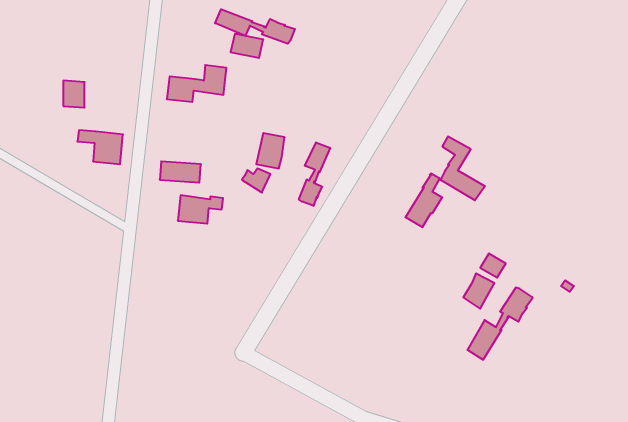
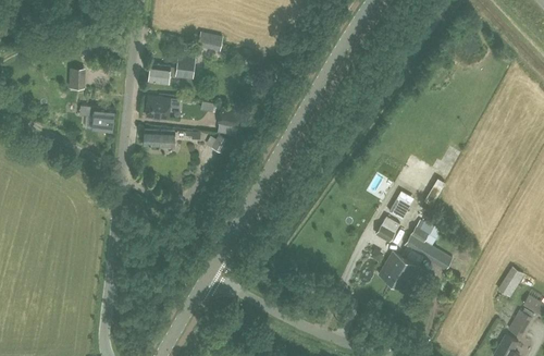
building: [215,9,295,44] -> none
building: [405,136,485,227] -> [391,220,452,290]
building: [299,142,330,206] -> none
building: [178,195,223,224] -> [145,97,180,119]

